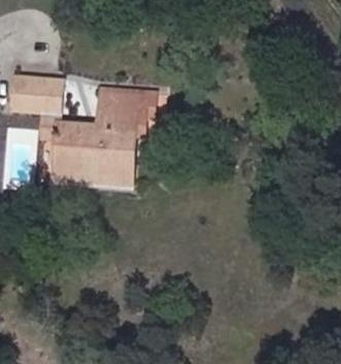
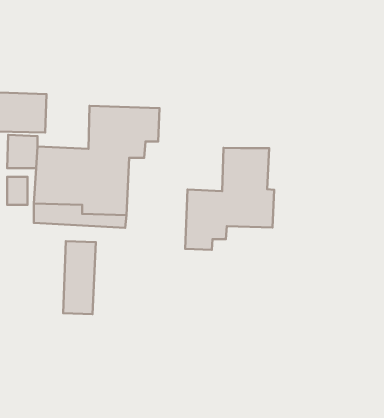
building: none -> [185,148,274,250]
building: none -> [63,241,96,314]

